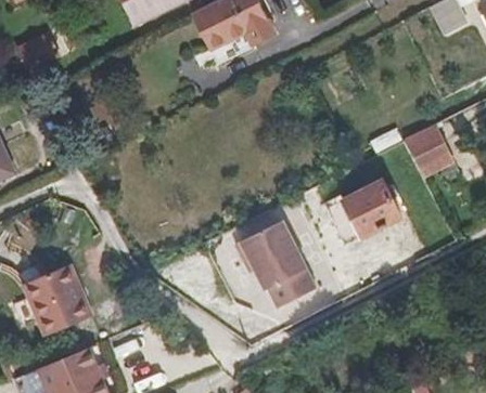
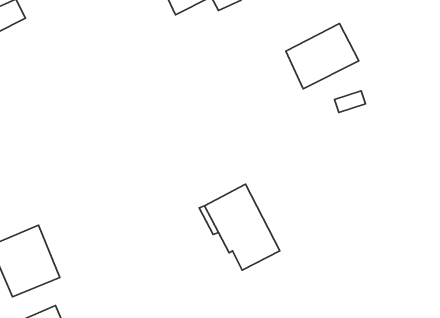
building: [404,125,452,175] -> none
building: [328,180,401,246] -> [286,23,359,89]

